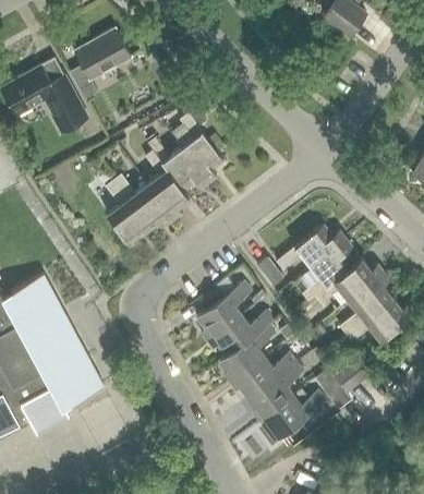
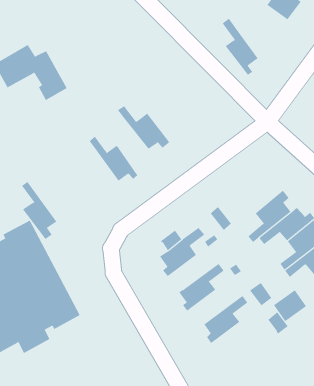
building: [71,29,132,100] -> none
building: [180,113,223,182] -> [222,18,259,76]
building: [145,152,190,221] -> none
building: [106,181,148,251] -> [21,181,57,240]
building: [277,226,344,272] -> none
building: [207,313,274,358] -> none
building: [230,354,296,399] -> none
building: [258,393,326,437] -> none

